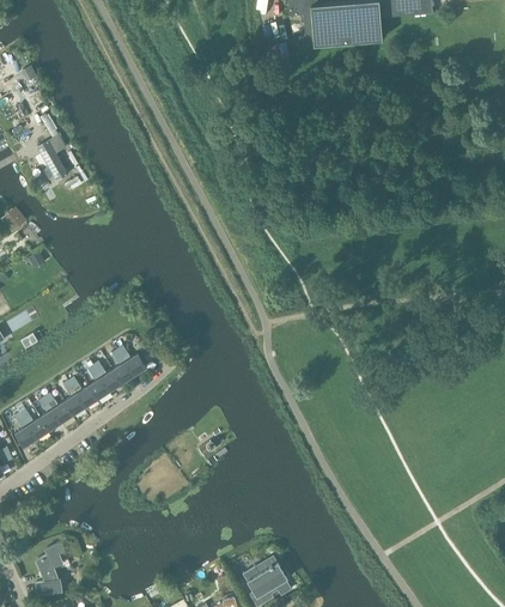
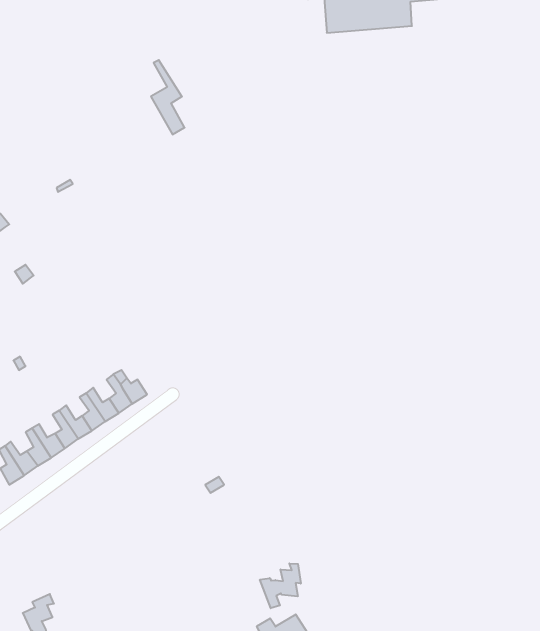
building: [38,114,68,180] -> [151,60,185,134]
building: none -> [260,563,301,608]

